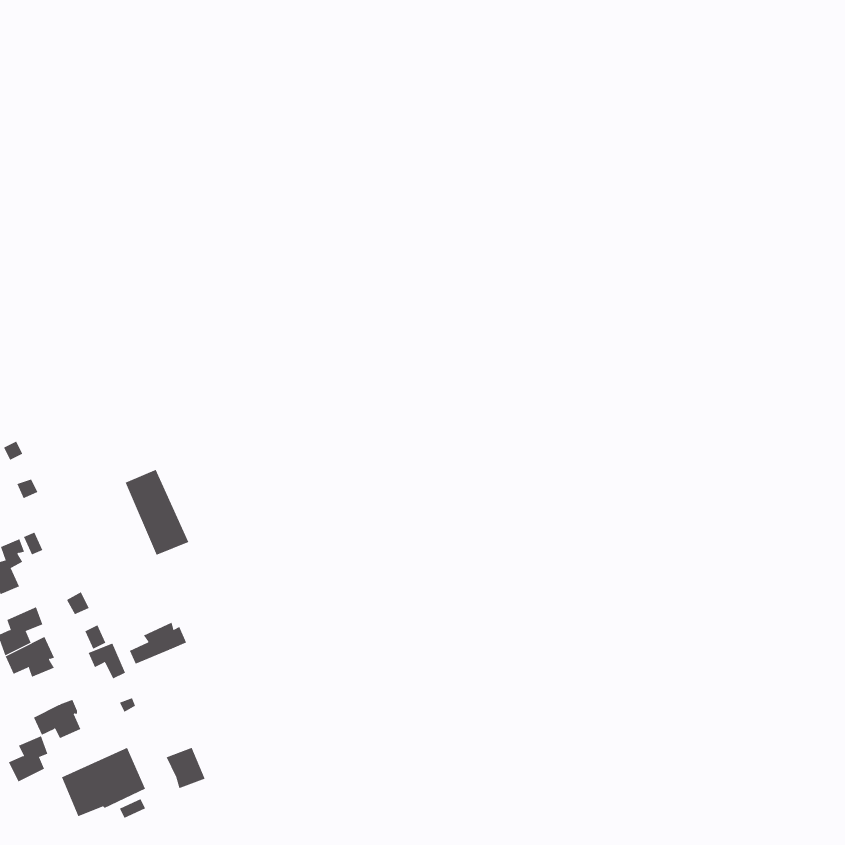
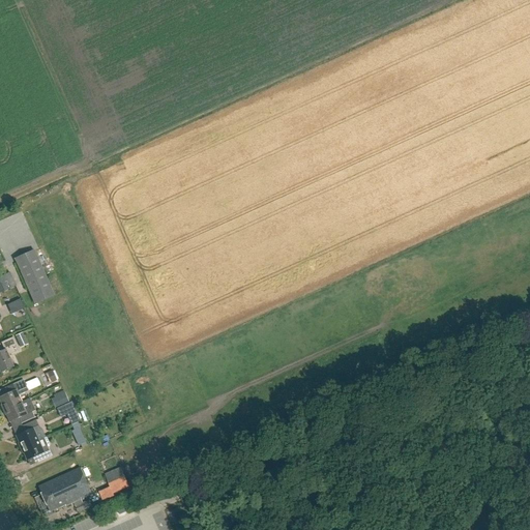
building: [125,469,189,555] -> [13,249,54,303]
building: [129,622,187,664] -> none
building: [8,736,48,782] -> [14,419,39,448]

